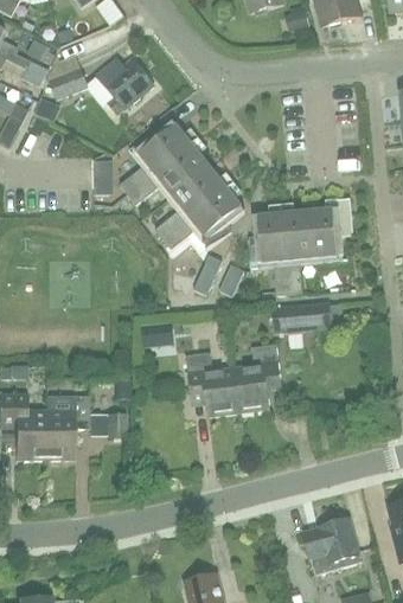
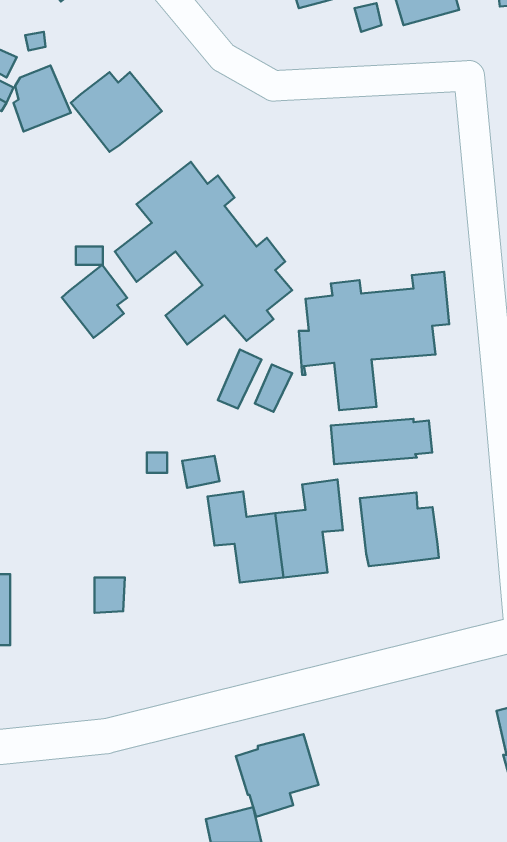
building: none -> [62,265,127,338]
building: none -> [360,492,439,566]
building: [46,394,89,458] -> none
building: [302,517,360,575] -> [236,734,319,817]

